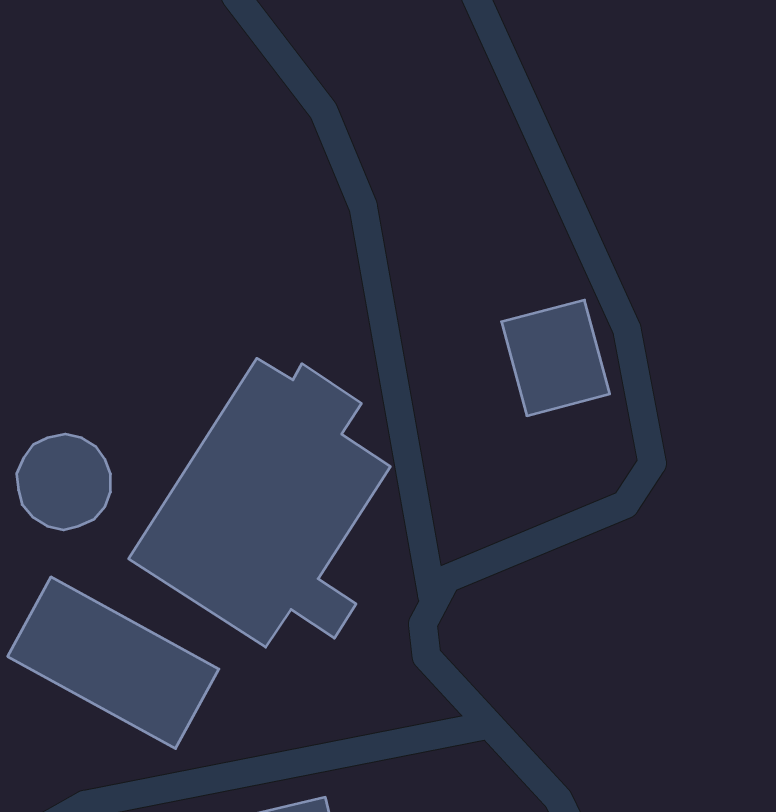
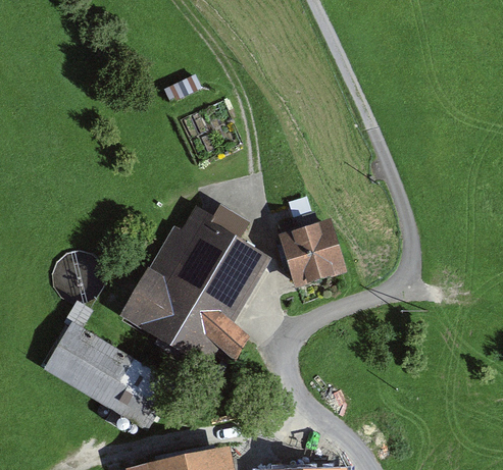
building: [501,300,610,416] -> [282,219,343,284]

